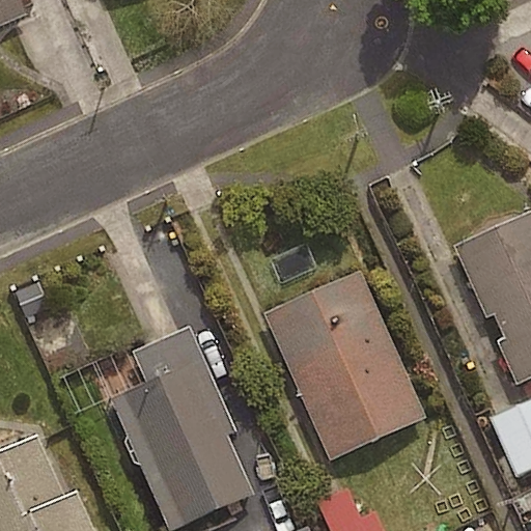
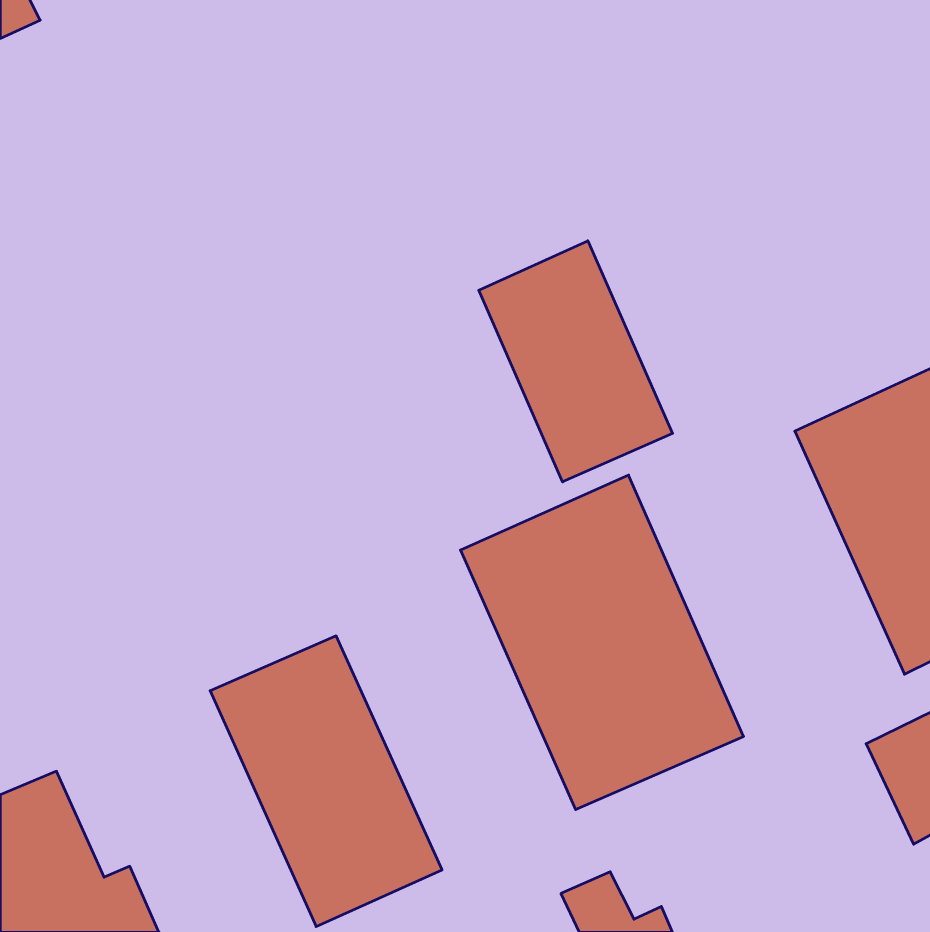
building: none -> [479,241,673,482]

